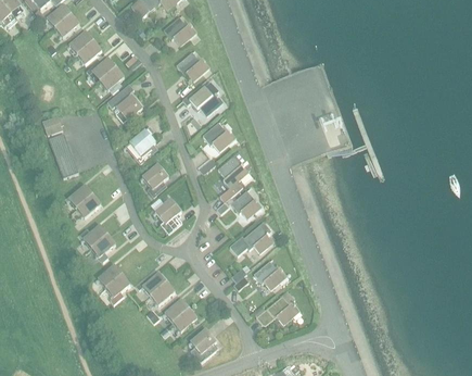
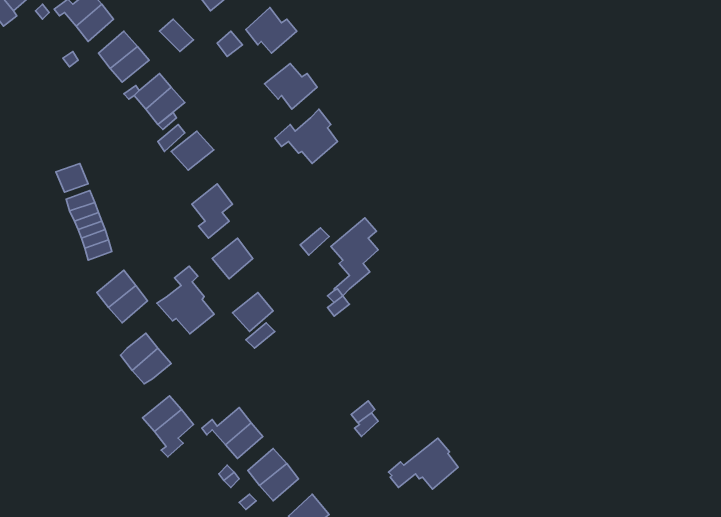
building: [202,123,234,151] -> none
building: none -> [157,266,214,334]
building: [230,190,260,218] -> none
building: [228,222,273,256] -> none
building: [253,261,285,290] -> none

